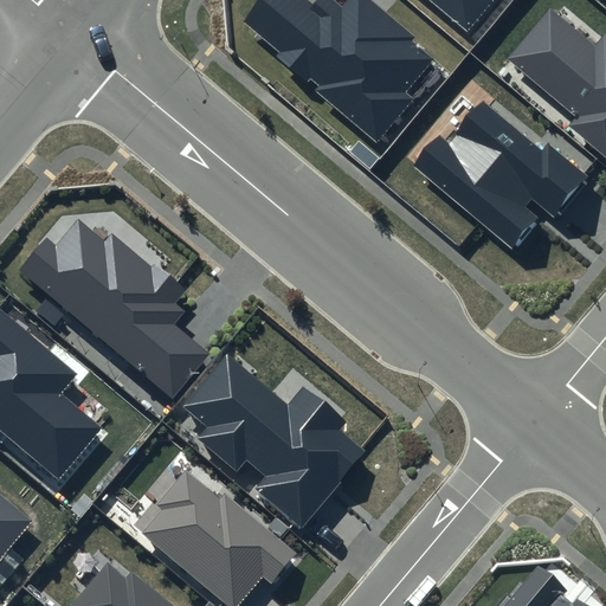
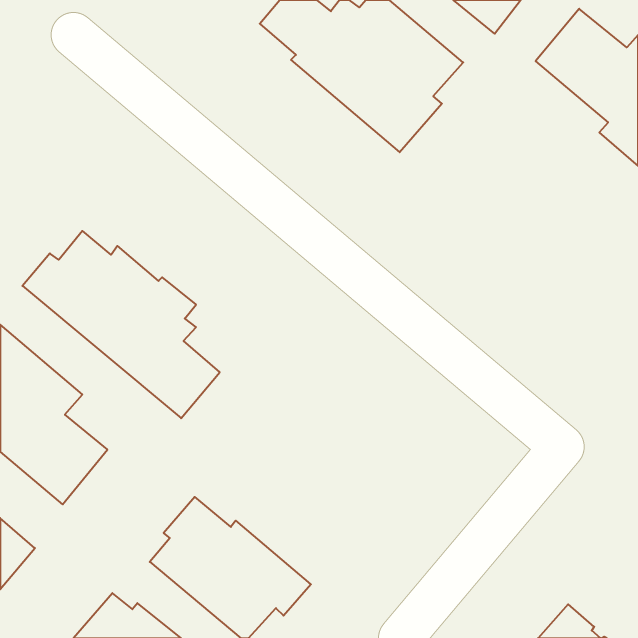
building: [413,102,589,251] -> none
building: [182,352,365,527] -> none

